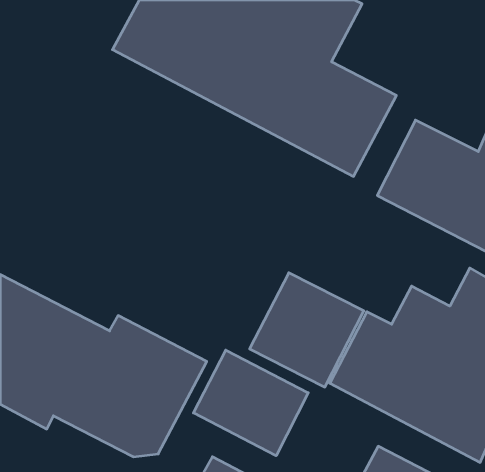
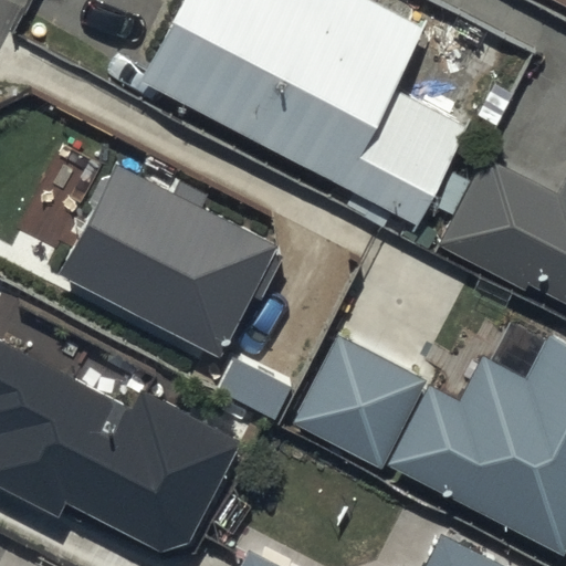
building: none -> [55,160,274,355]
building: [193,350,308,456] -> none

